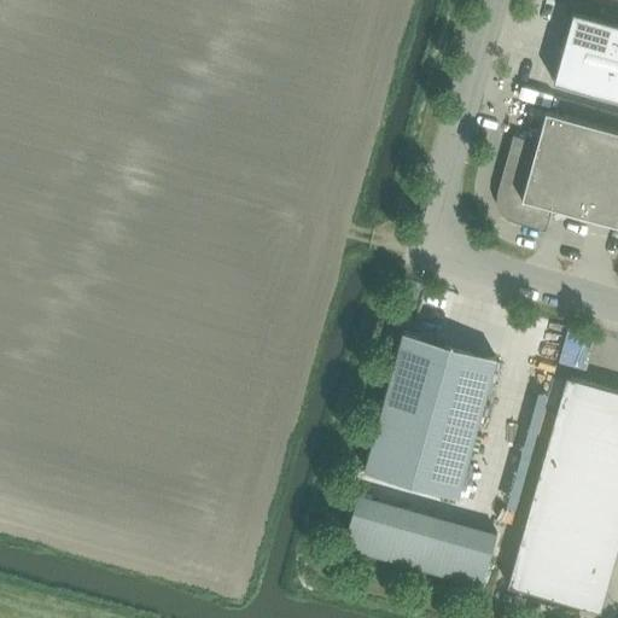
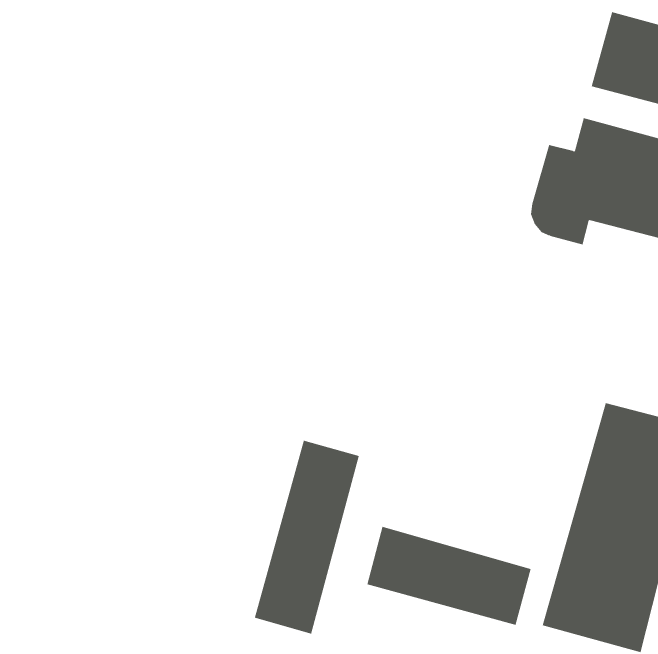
building: [366,334,497,501] -> none
building: none -> [254,440,359,635]

